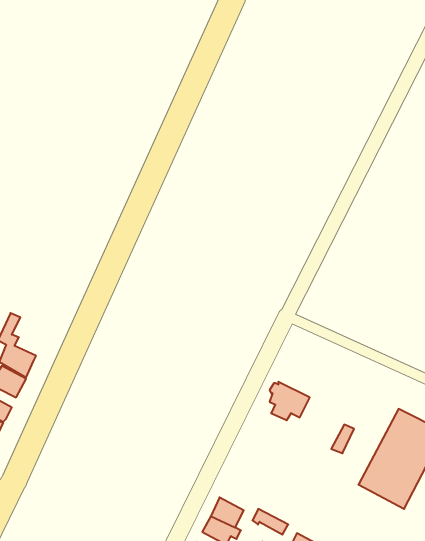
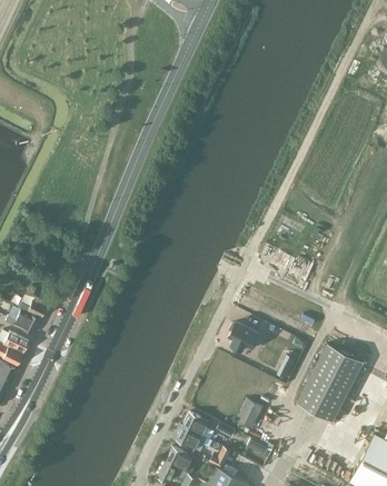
building: none -> [237,399,264,429]

